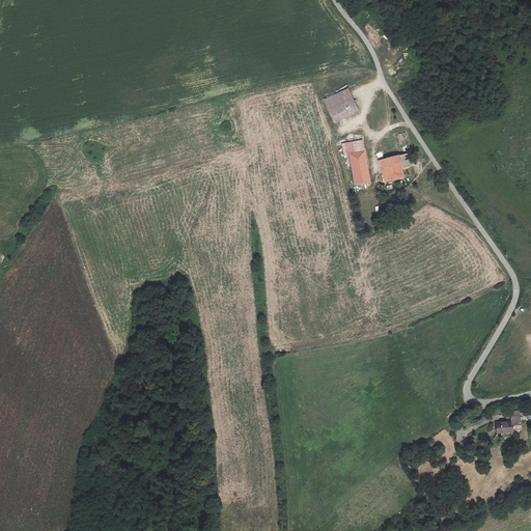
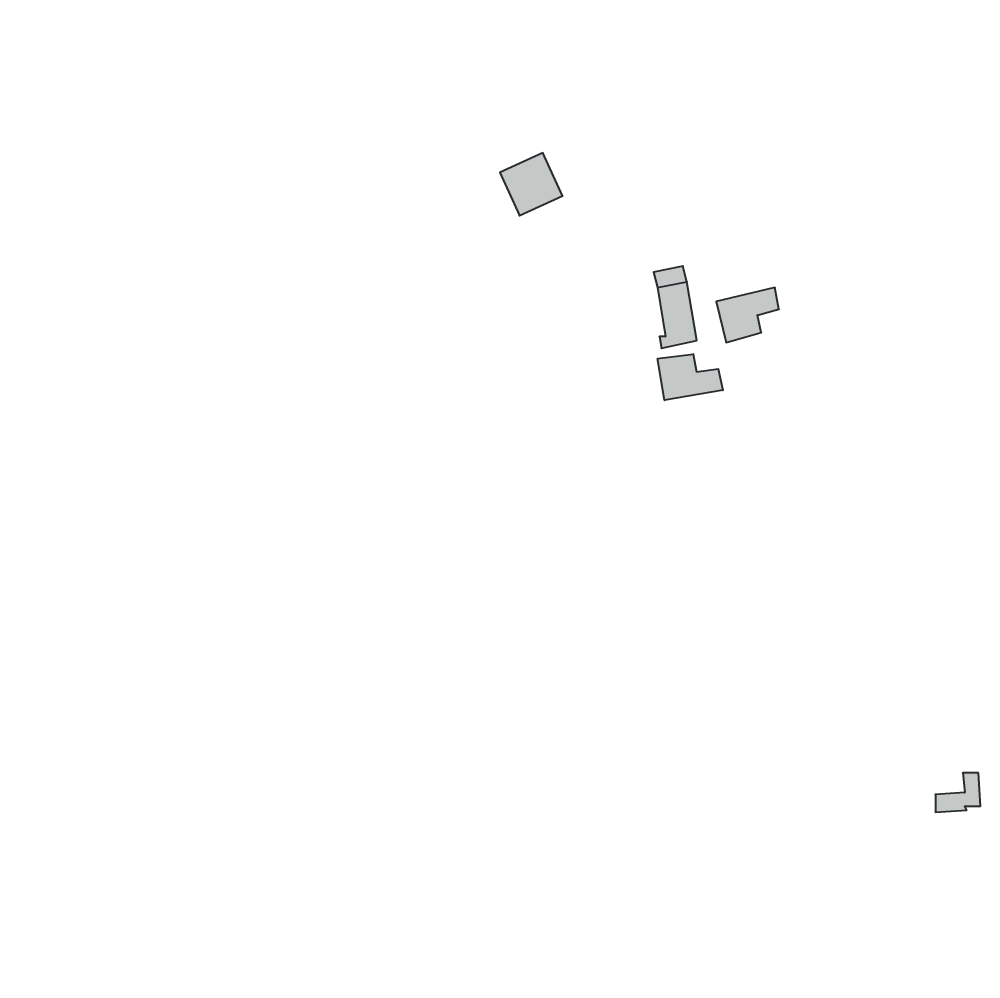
building: [325,88,358,121] -> [500,153,563,216]
building: none -> [658,354,723,400]

